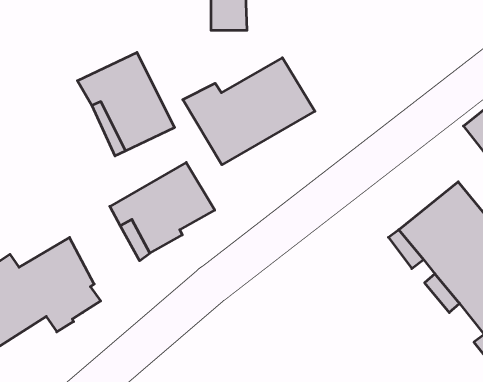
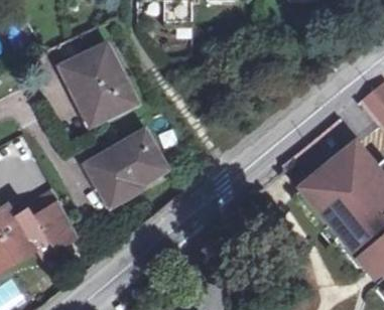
building: [183,58,315,165] -> none

